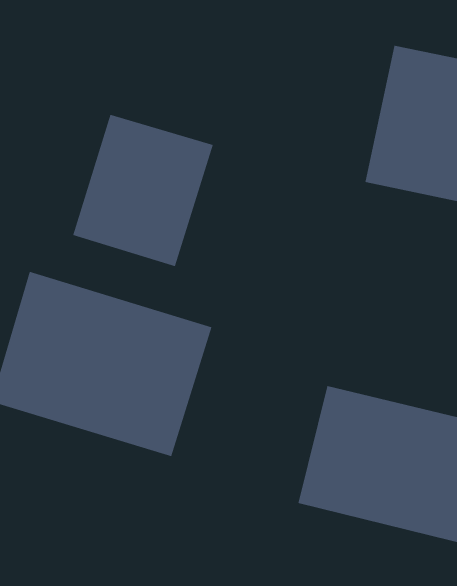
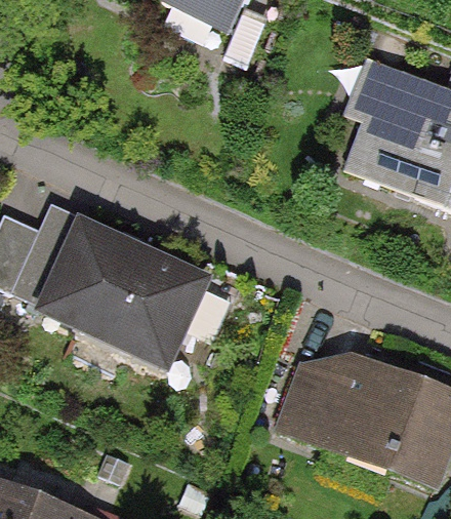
building: [72,114,214,267] -> none

